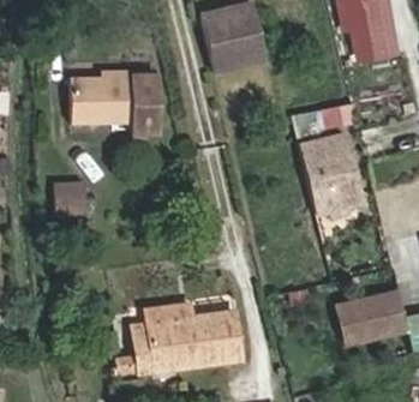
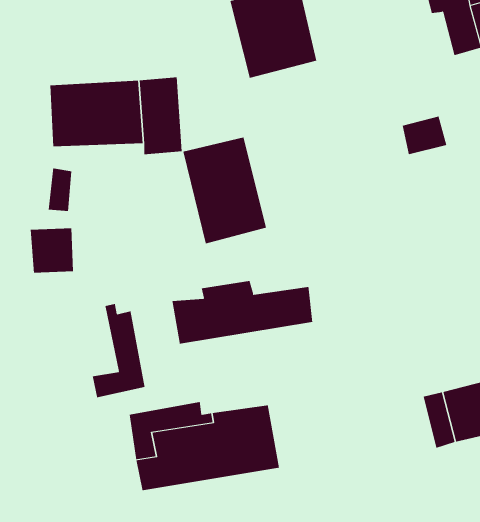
building: [300,136,363,215] -> [183,137,267,244]
building: none -> [172,280,313,345]
building: none -> [92,303,145,398]

